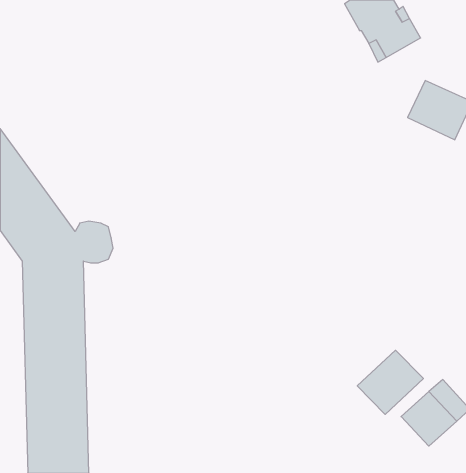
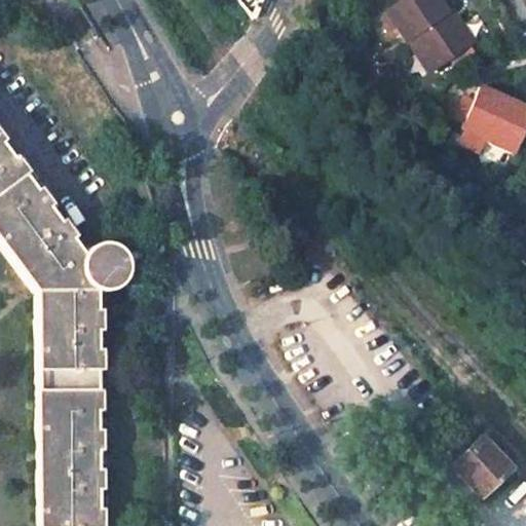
building: [357,350,423,414] -> none

